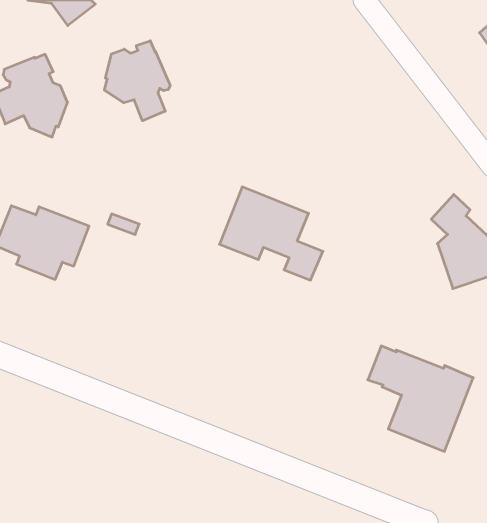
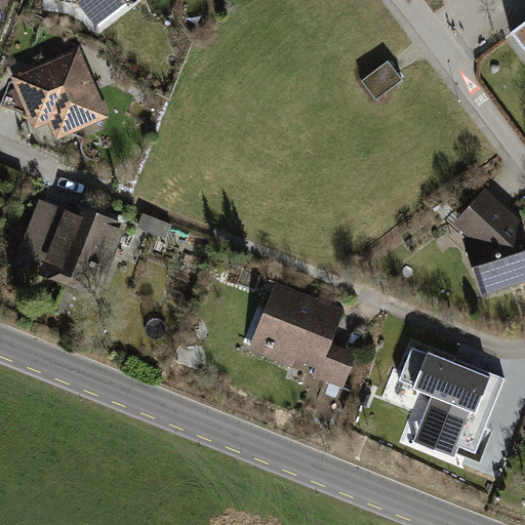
building: [104,41,170,121] -> none
building: none -> [361,60,402,99]
building: [219,187,323,280] -> [250,290,354,383]

